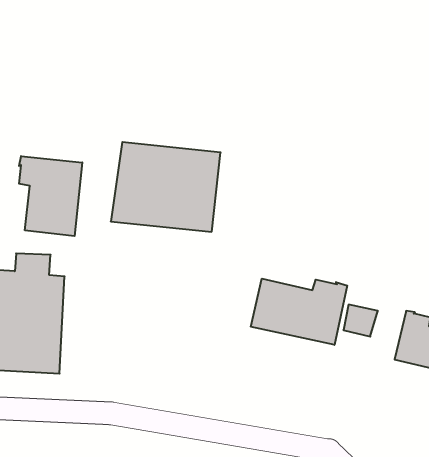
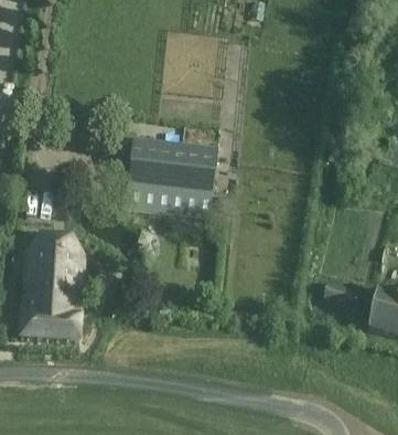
building: [19,156,82,236] -> none
building: [251,279,347,345] -> none

